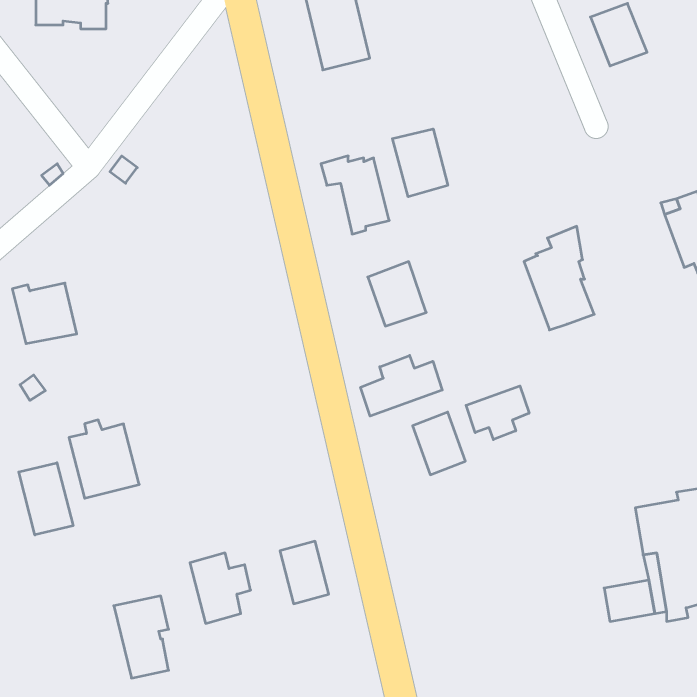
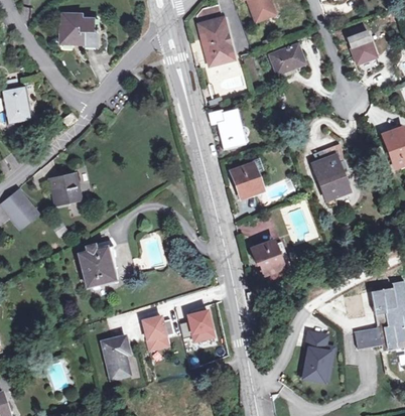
building: none -> [271,44,305,75]
building: [392,129,448,197] -> none
building: [361,355,442,416] -> none
building: [466,386,529,440] -> none
building: [19,463,73,535] -> none
building: none -> [300,332,331,383]

